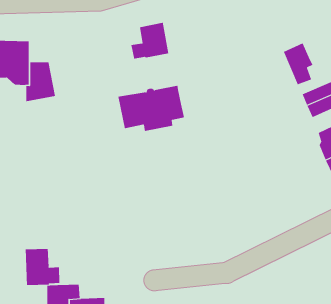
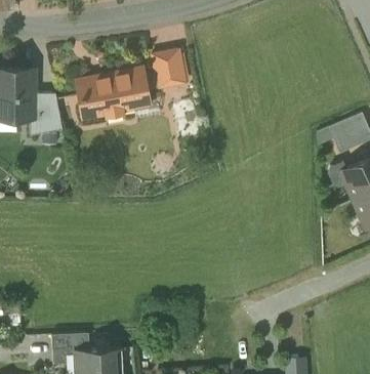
building: [283,42,313,85] -> none
building: [118,85,185,132] -> [77,69,150,119]
building: [25,248,60,286] -> none

